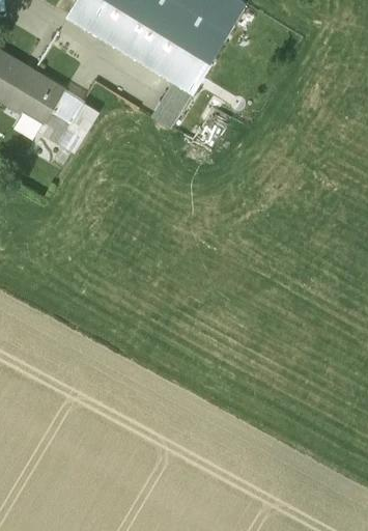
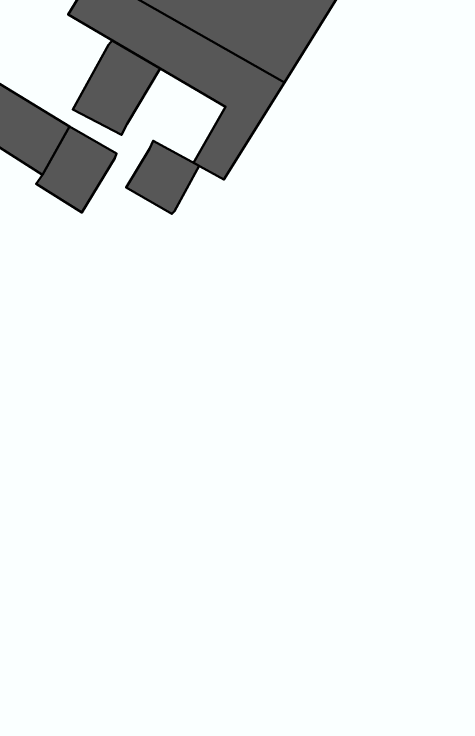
building: none -> [73,41,160,135]
building: none -> [126,141,199,214]

